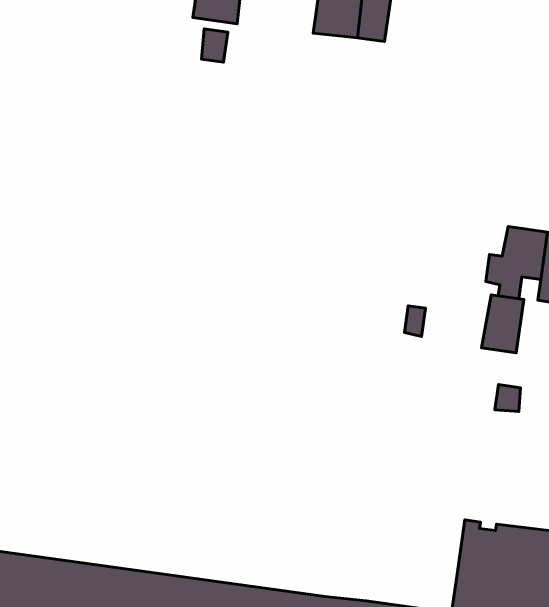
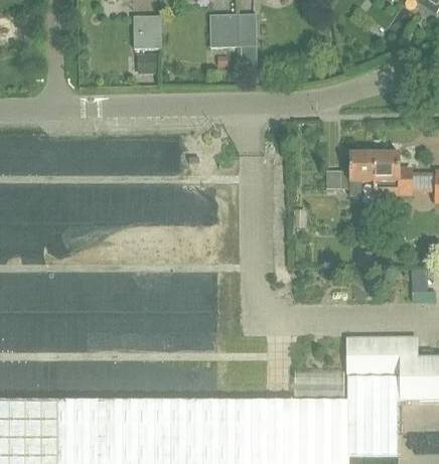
building: [482,295,524,353] -> none

